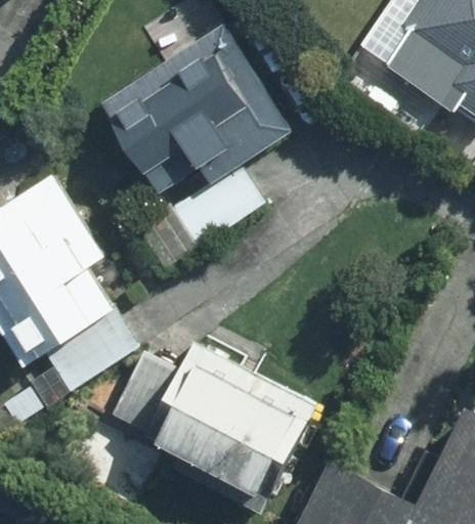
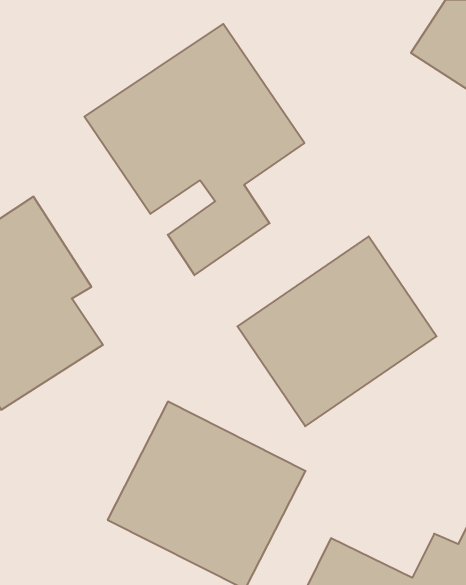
building: none -> [237,236,437,426]

